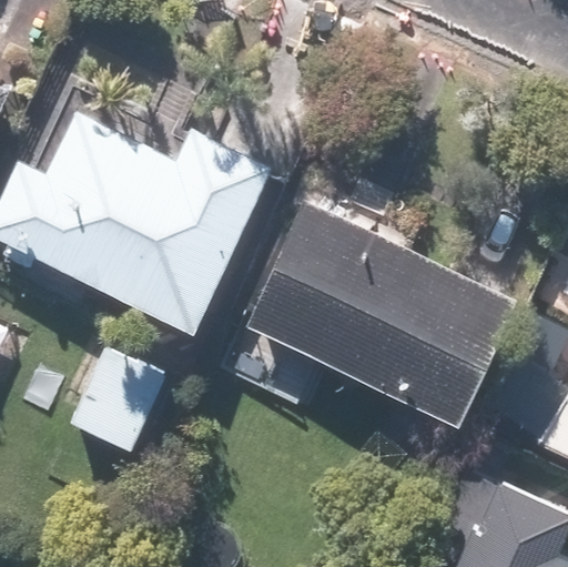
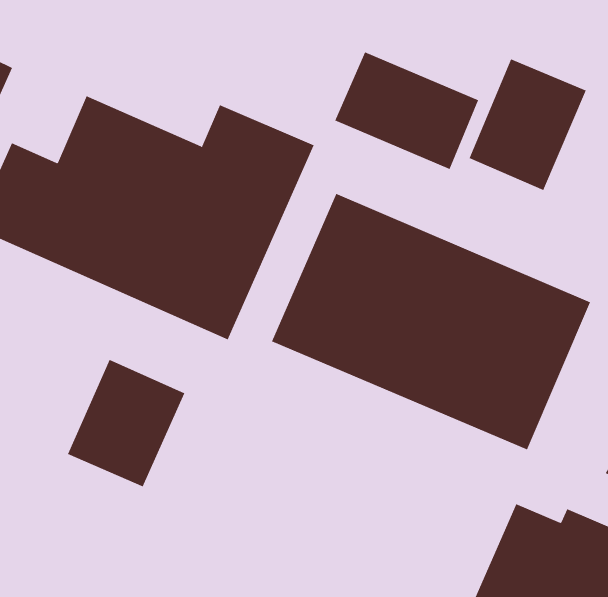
building: none -> [335,52,479,170]
building: none -> [469,59,586,191]

